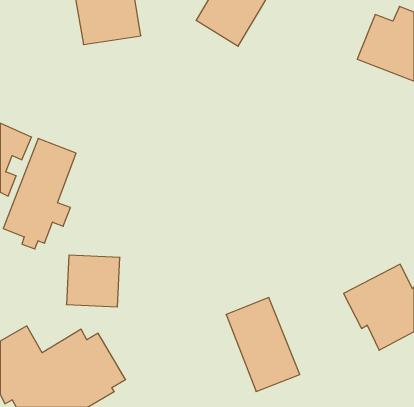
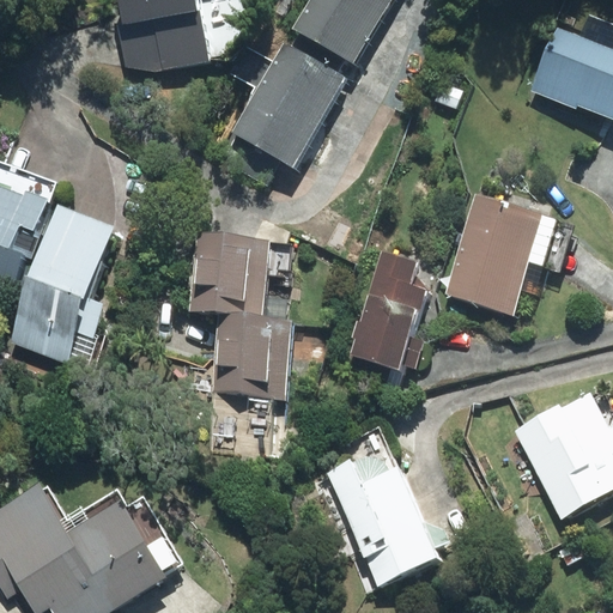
building: none -> [221,38,345,174]
building: none -> [443,196,557,317]
building: none -> [193,237,248,317]
building: none -> [346,249,423,378]
building: [66,255,120,307] -> [212,322,291,399]

